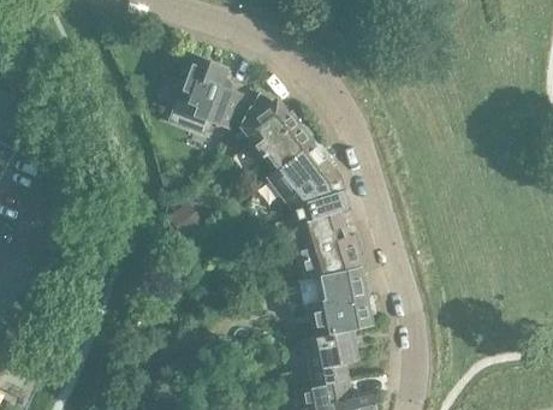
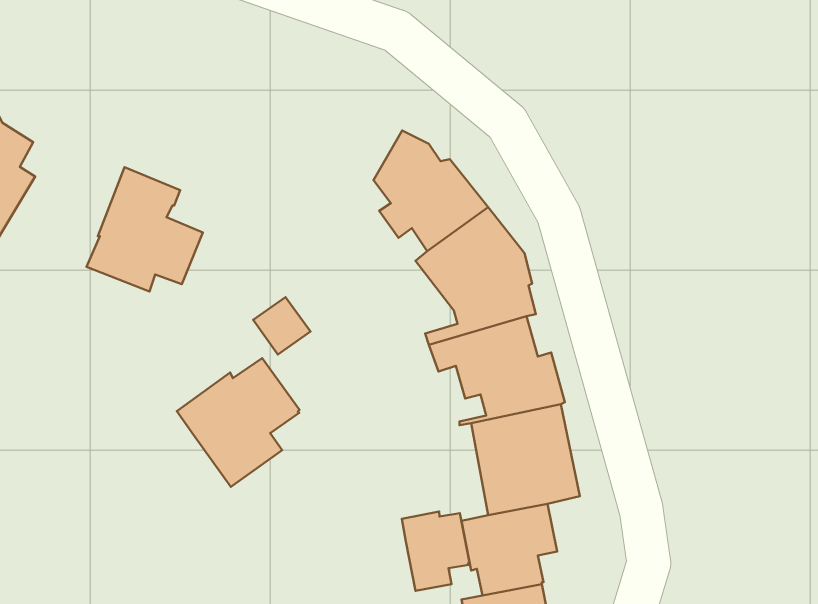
building: [168,57,242,135] -> [86,167,203,292]
building: none -> [177,358,299,487]
building: none -> [402,511,469,591]

